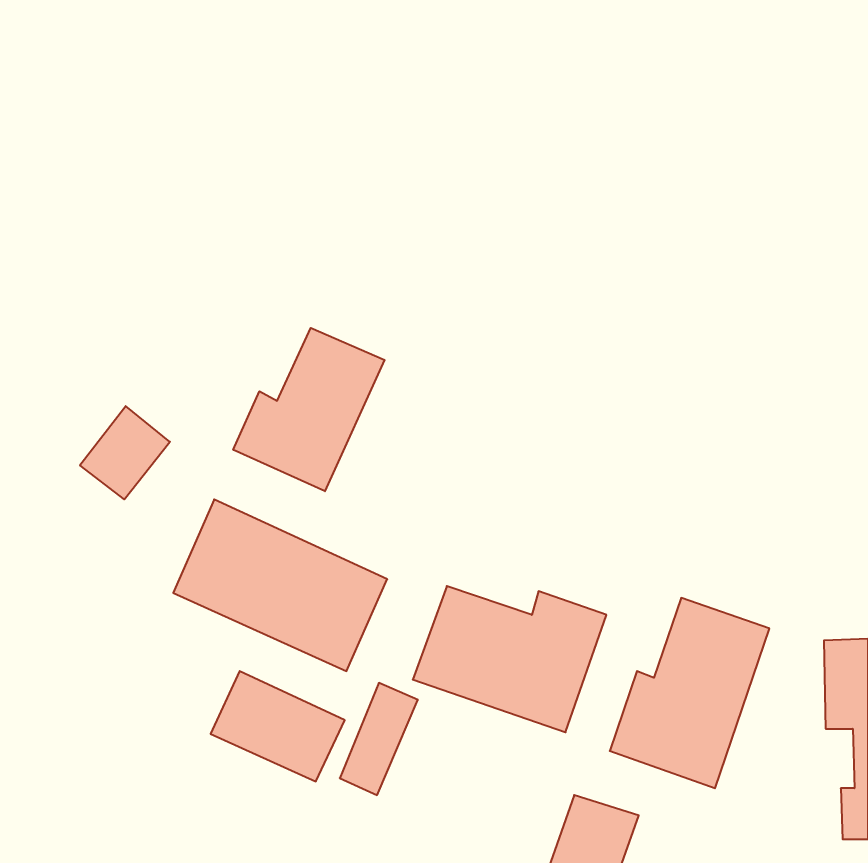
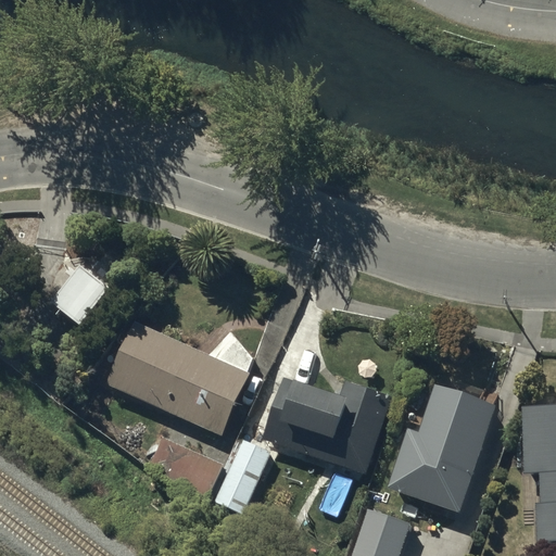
building: [233,328,385,491] -> none

